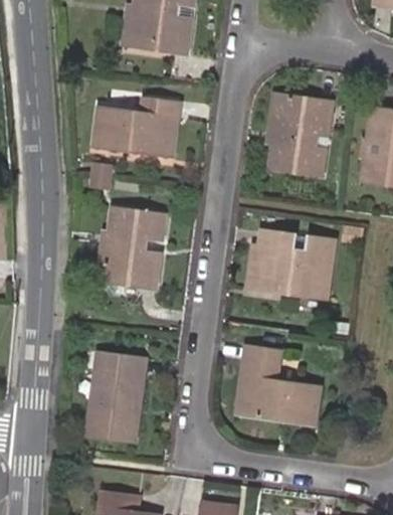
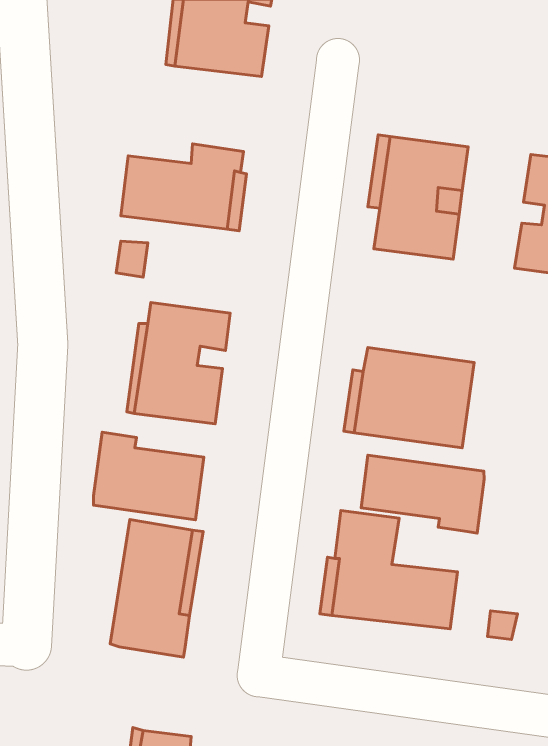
building: none -> [93,432,204,520]
building: none -> [361,455,484,533]

